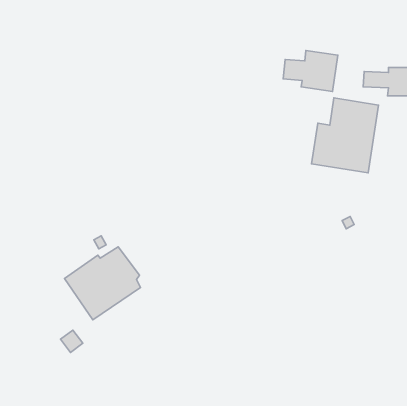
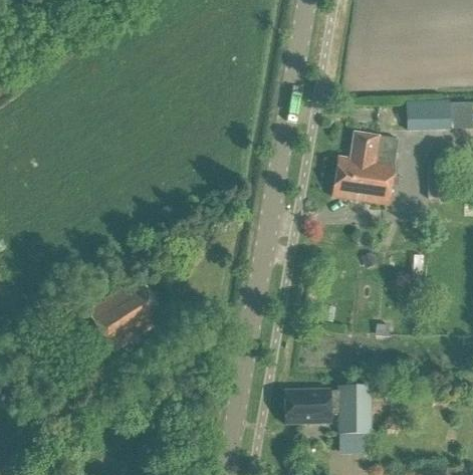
building: [283,50,338,92] -> none
building: none -> [284,383,372,431]

